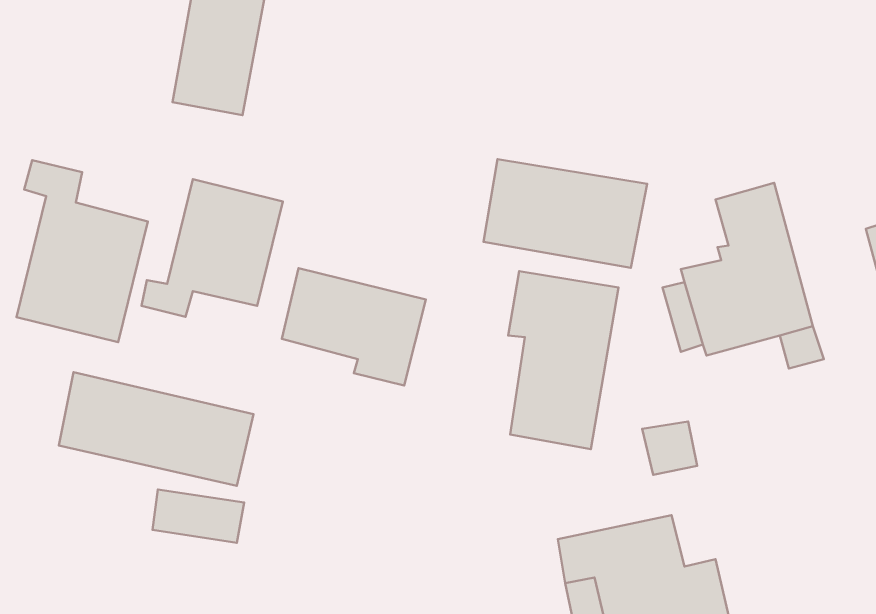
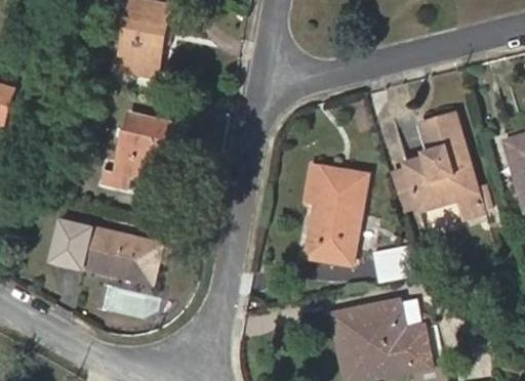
building: [483,159,647,268] -> none
building: [16,160,148,342] -> none
building: [282,268,426,386] -> none

